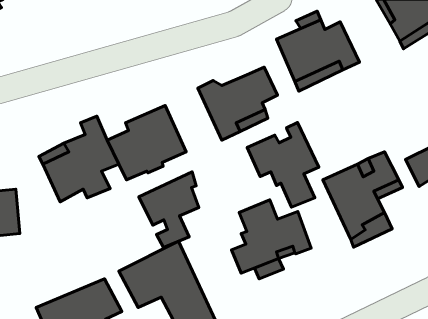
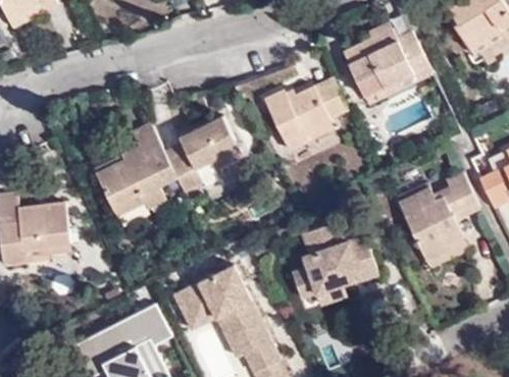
building: [247,122,319,207] -> none
building: [139,172,199,248] -> none

